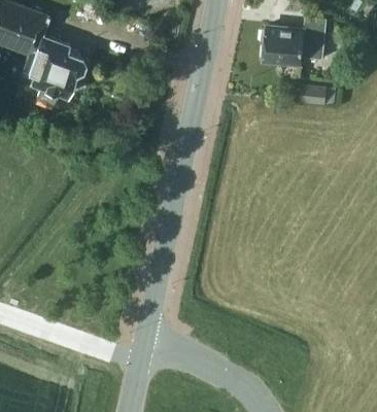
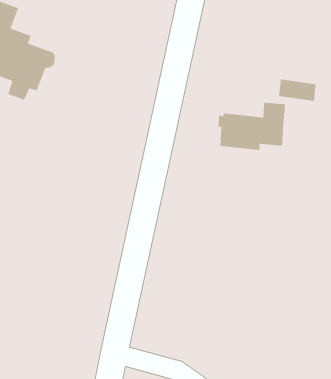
building: [263,18,329,65] -> [217,102,286,151]

